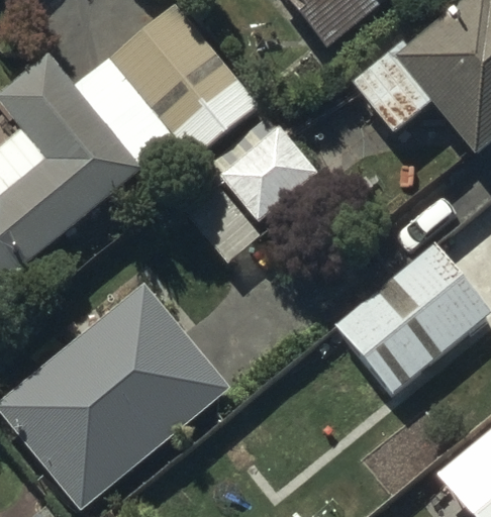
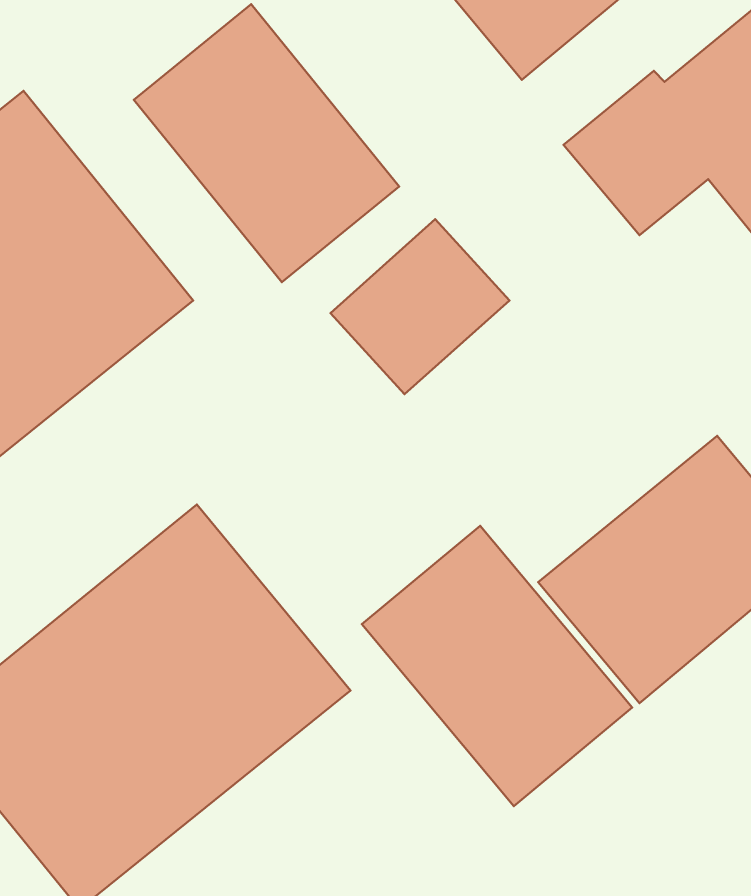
building: none -> [362,526,632,806]

